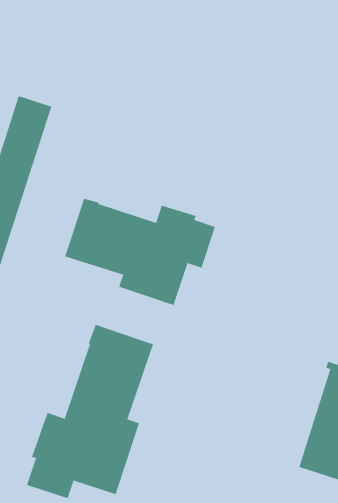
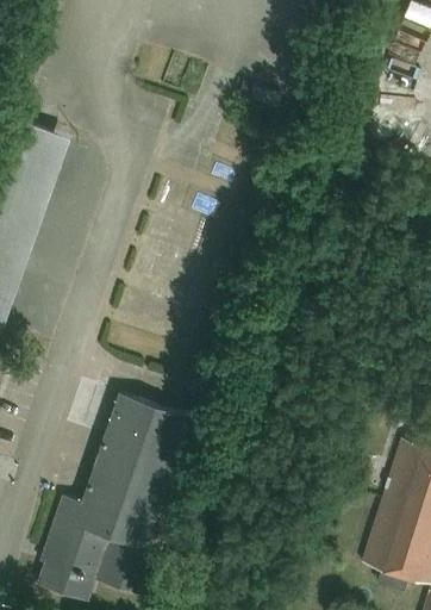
building: [65,198,216,306] -> none

